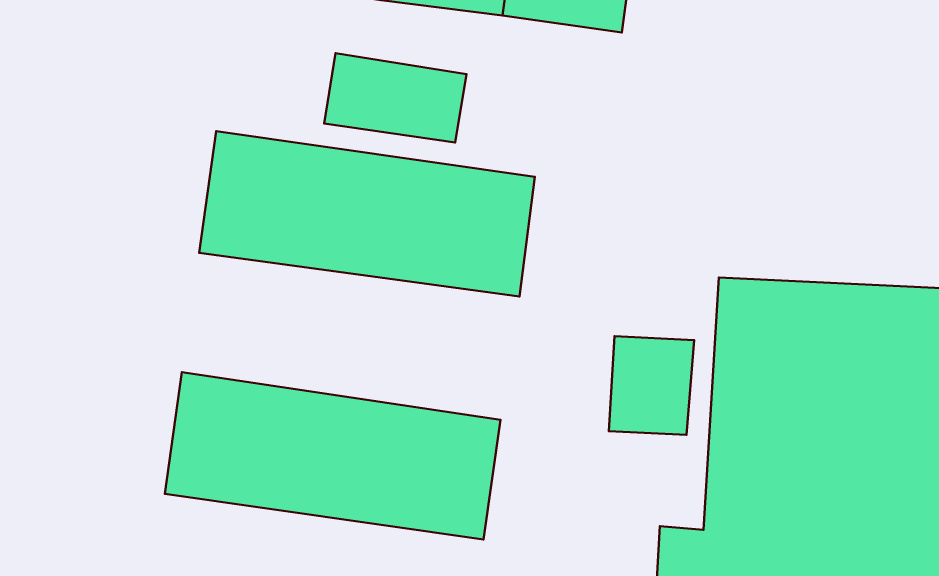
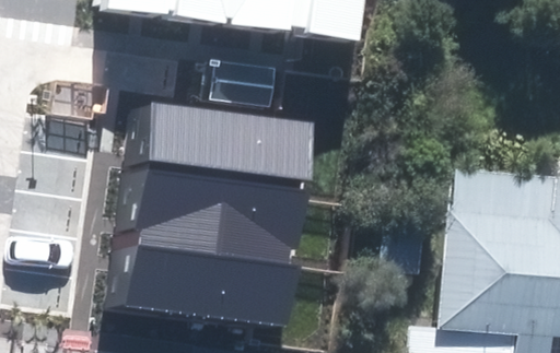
building: none -> [117,166,312,262]

